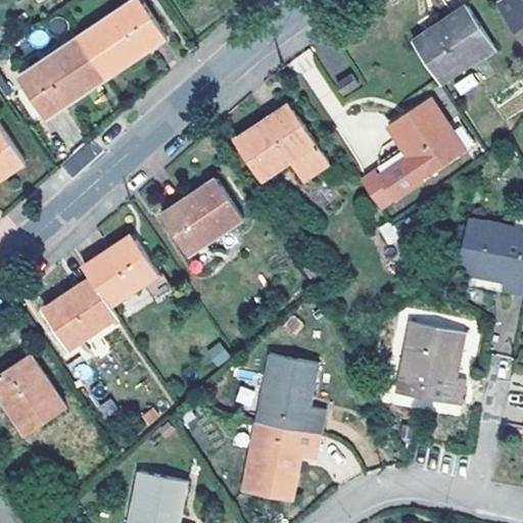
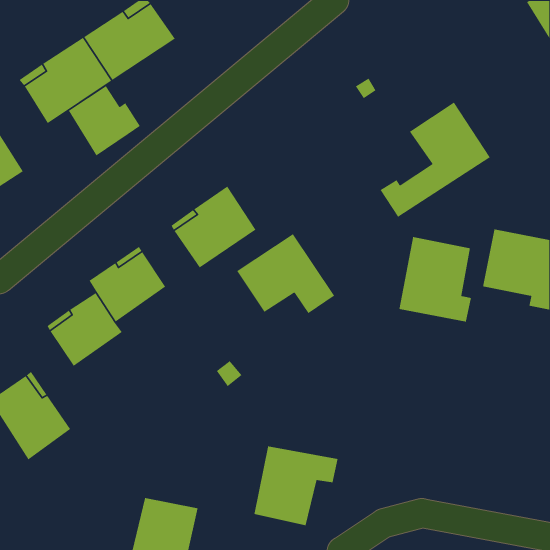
building: [413,6,494,84] -> none
building: none -> [68,85,141,156]
building: [235,104,329,181] -> [236,233,335,314]
building: [395,323,465,405] -> [399,236,472,322]
building: [253,353,326,435] -> none

